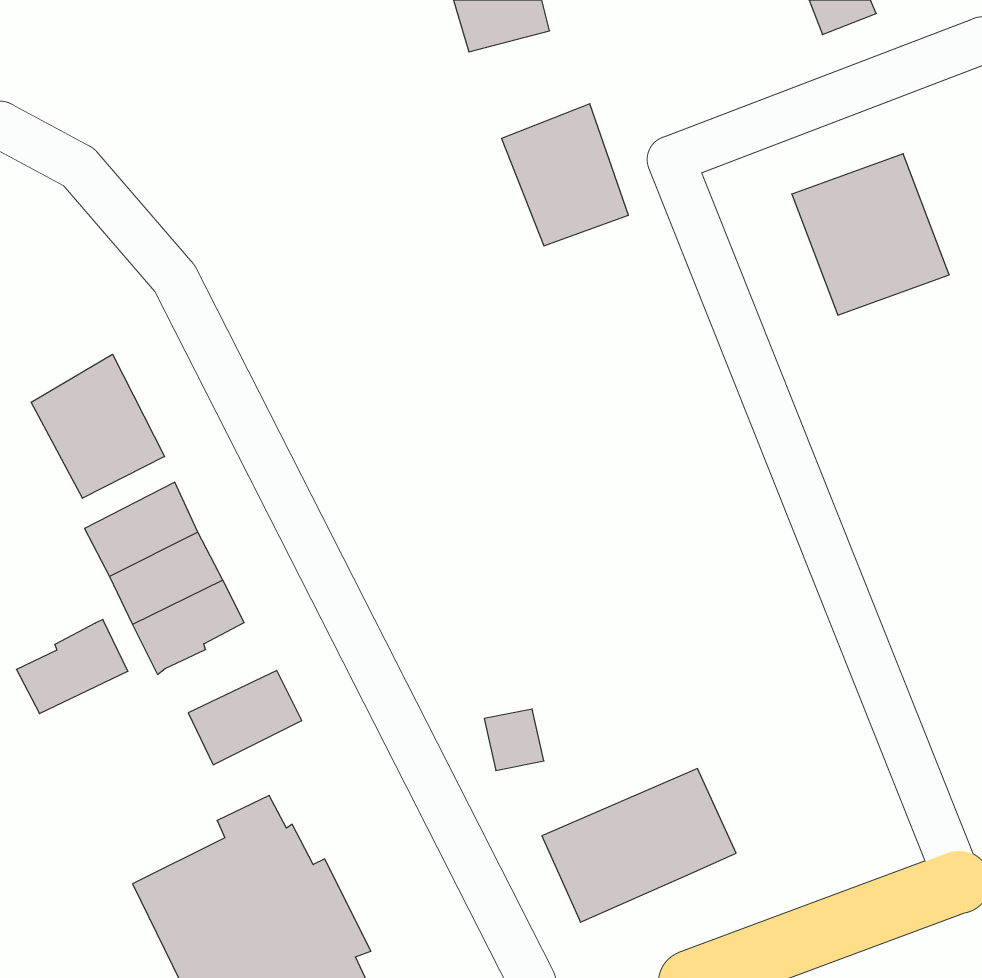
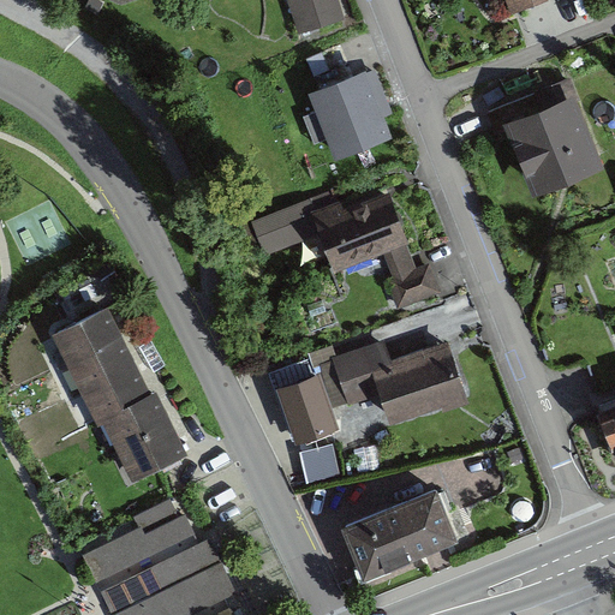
building: none -> [235,183,442,310]
building: [31,354,165,498] -> none
building: none -> [334,344,461,424]
building: none -> [279,360,333,438]
building: [16,619,128,714] -> [103,389,173,448]

